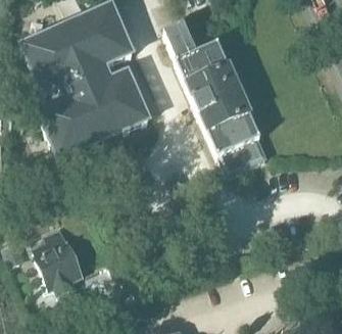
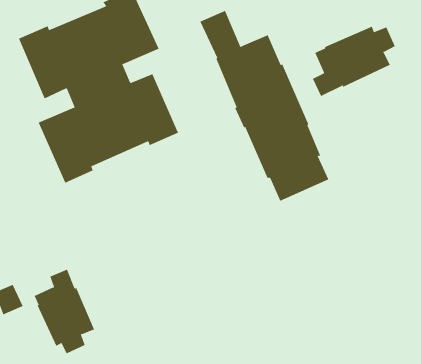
building: none -> [312,26,395,97]

